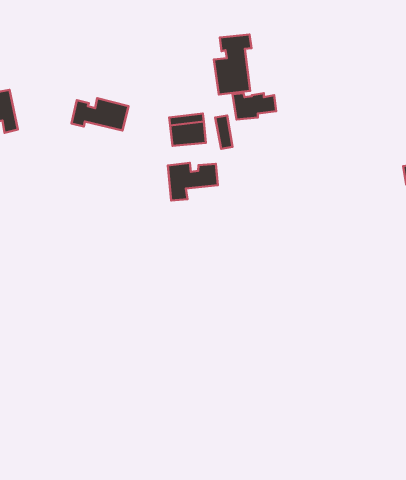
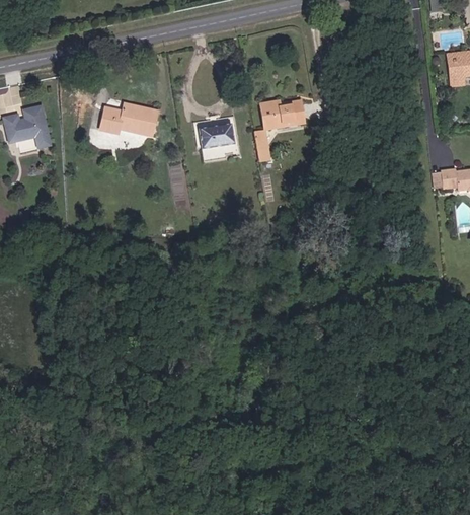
building: [214,35,251,95] -> none
building: [168,163,218,201] -> none

